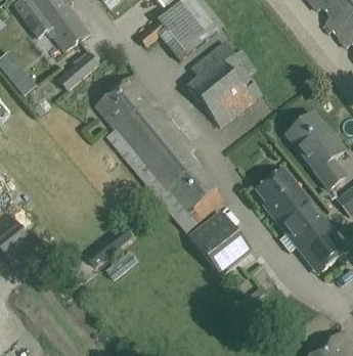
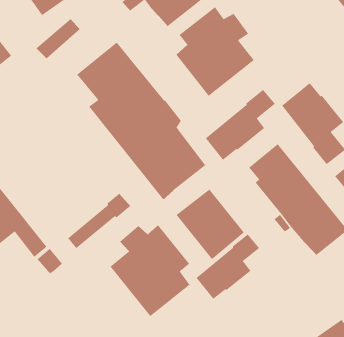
building: none -> [205,89,276,161]
building: none -> [109,224,190,317]
building: none -> [195,233,260,300]

